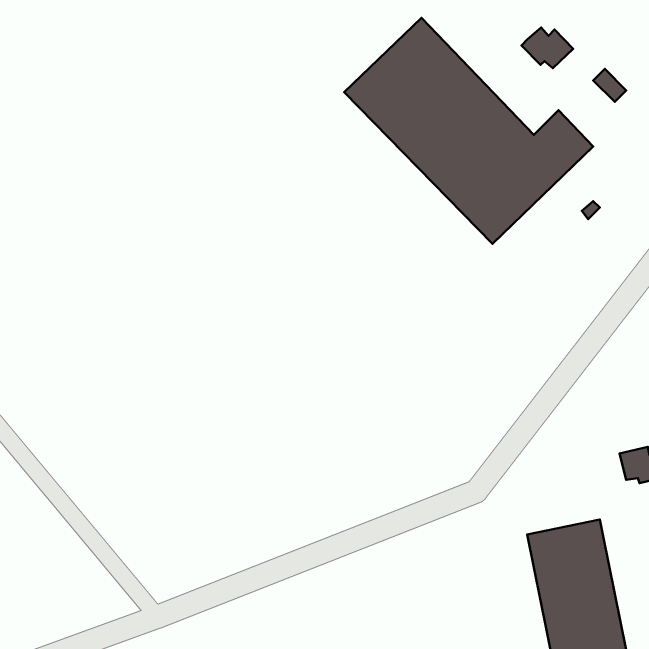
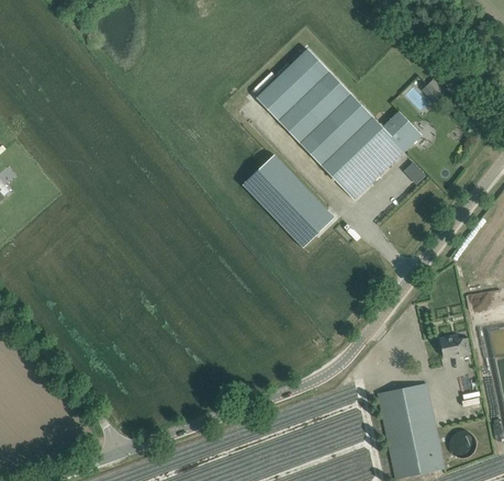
building: [522,28,573,68] -> none
building: none -> [243,154,335,247]

